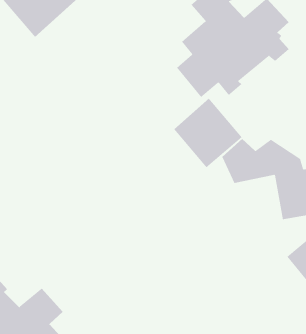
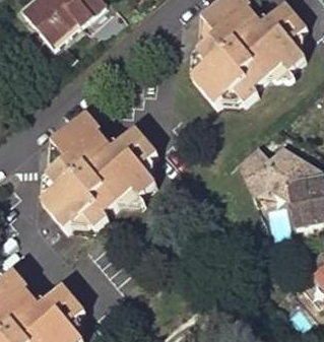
building: [173,98,242,168] -> none
building: none -> [47,121,157,236]

